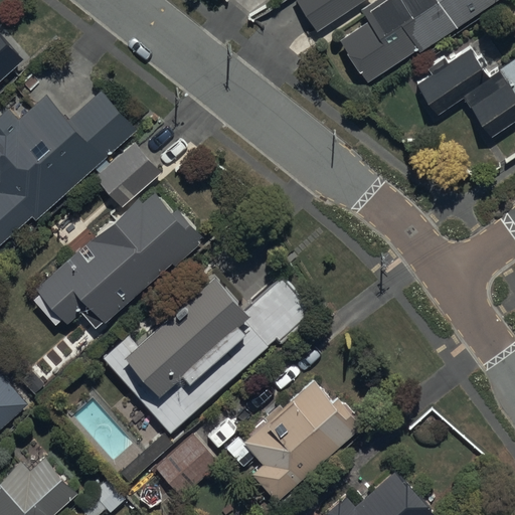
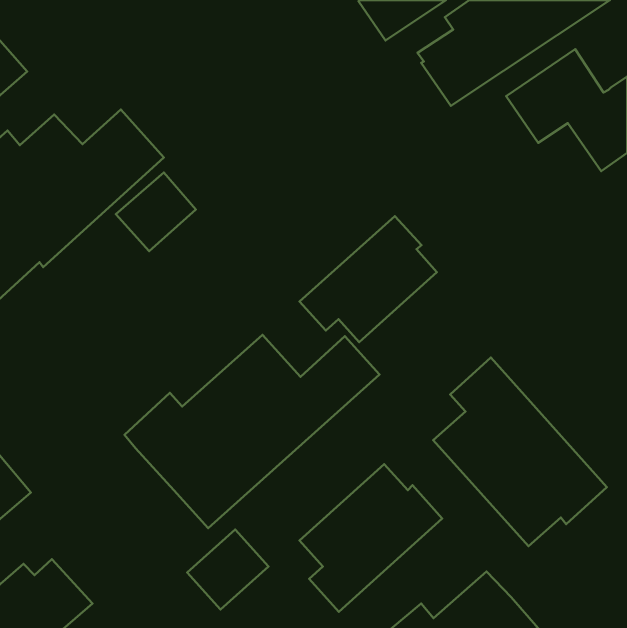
building: none -> [300,216,437,342]
building: [33,192,203,330] -> none
building: none -> [433,357,607,546]

